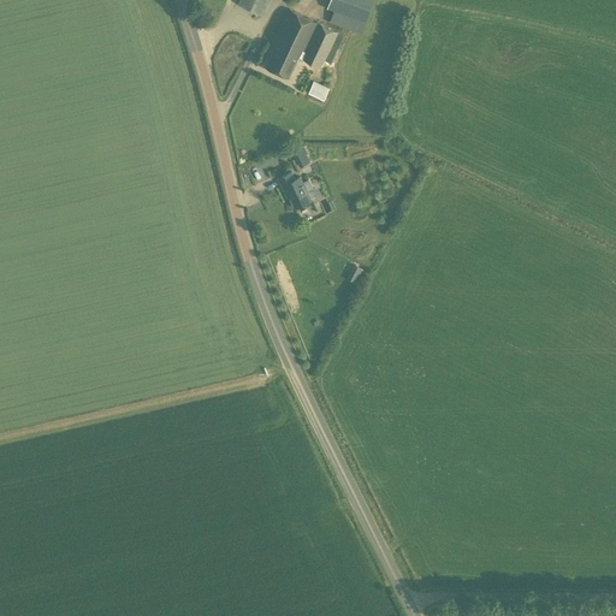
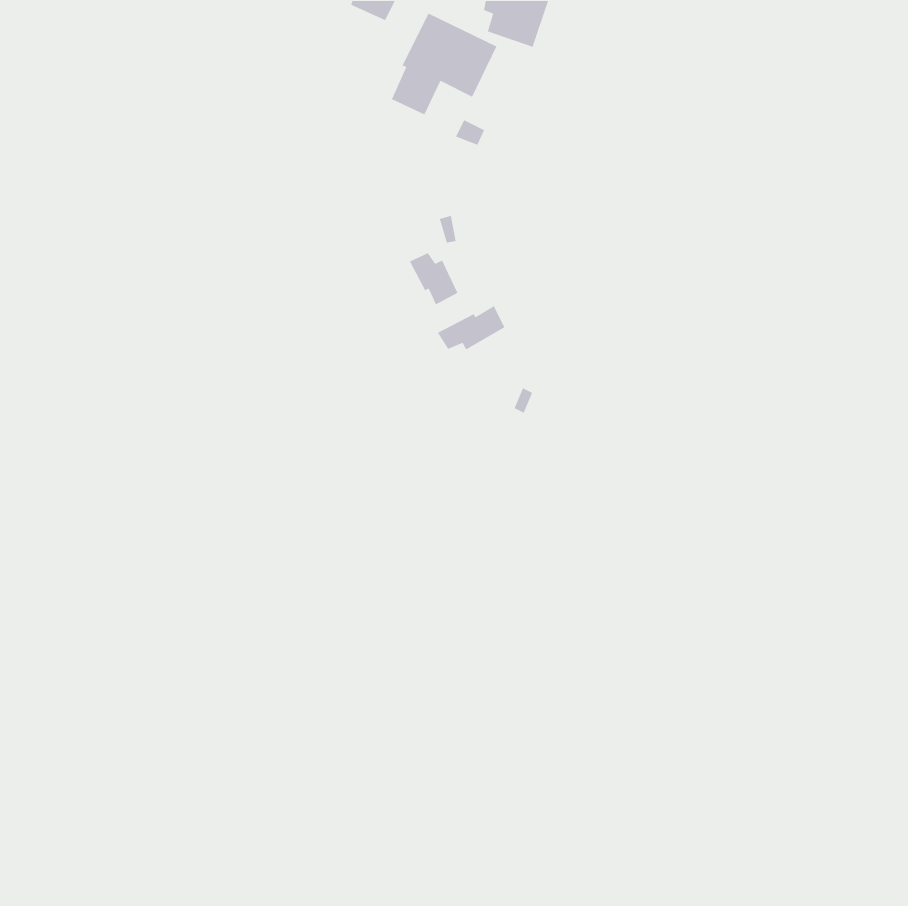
building: none -> [437,305,506,350]

